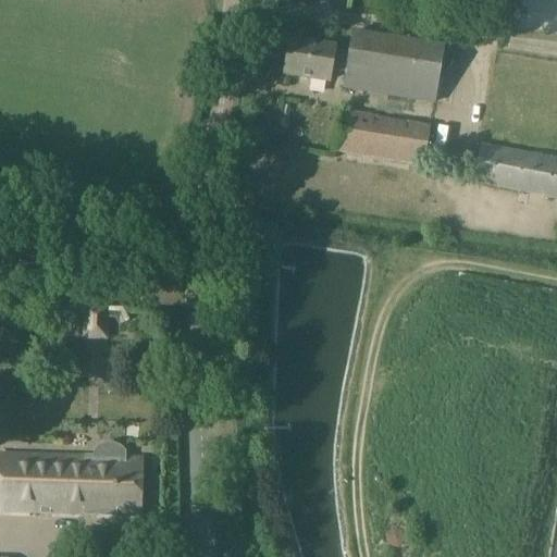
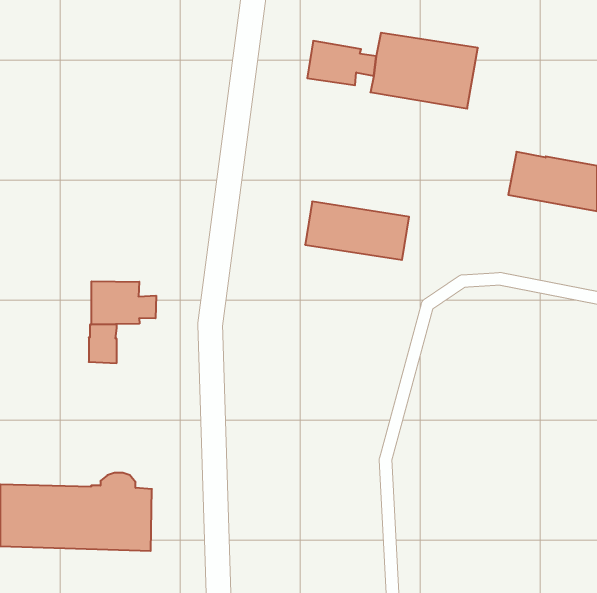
building: [335,110,432,164] -> [305,202,409,260]
building: none -> [92,281,156,325]

